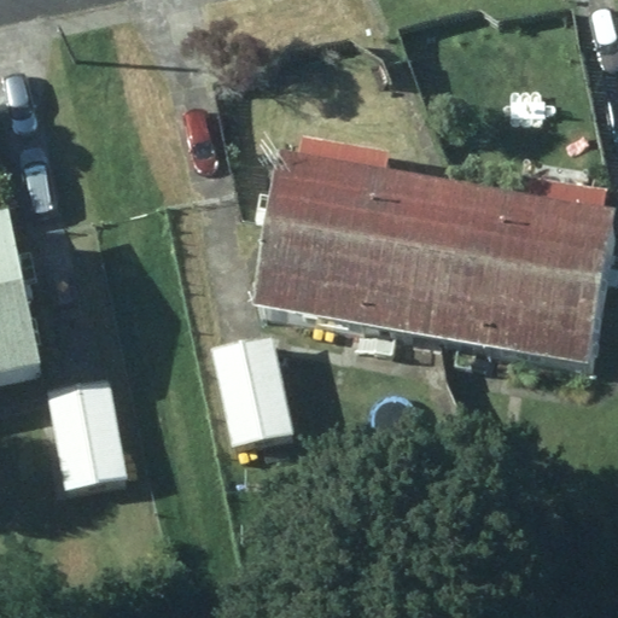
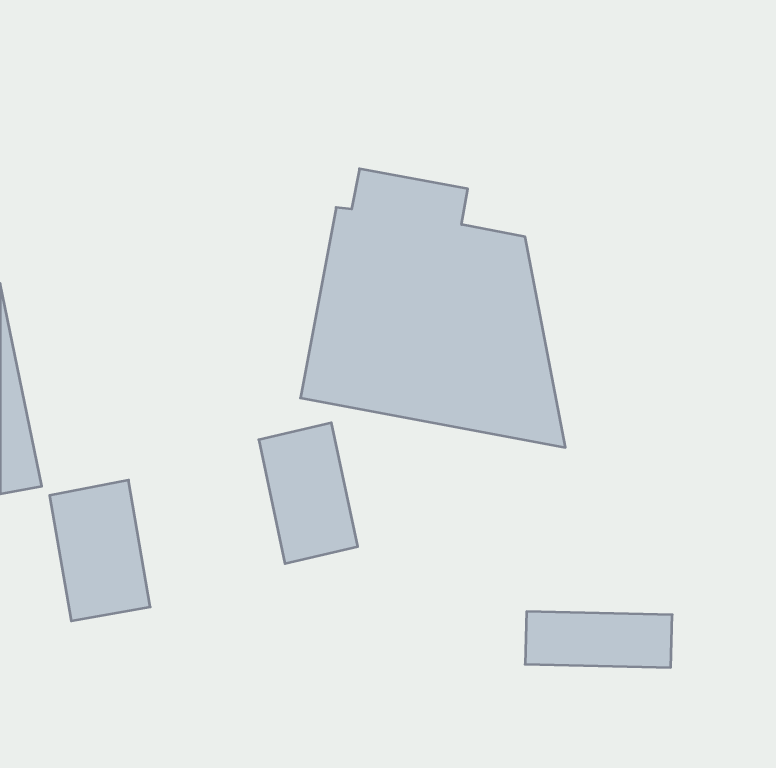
building: [421,168,595,368] -> none

